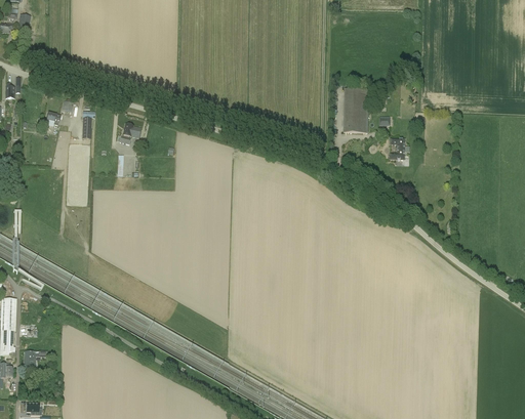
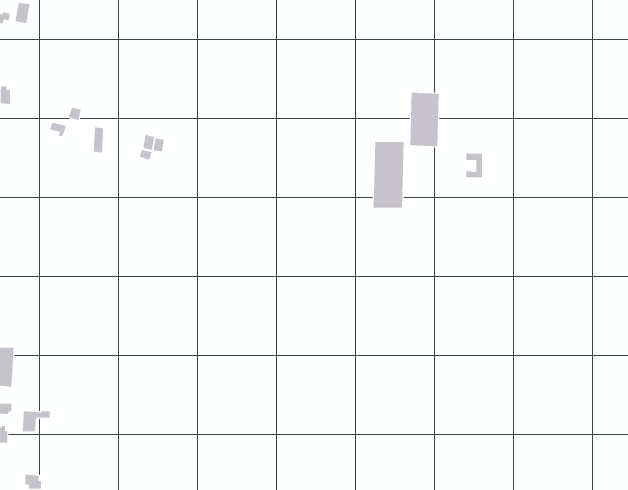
building: none -> [373,141,404,209]

